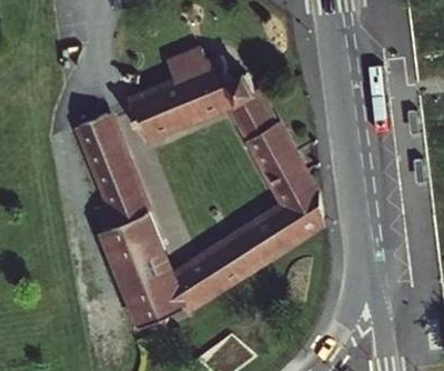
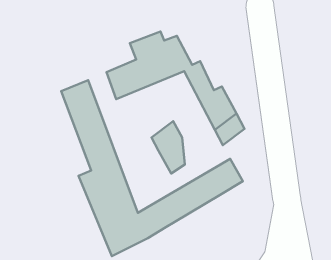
building: [276,174,317,239] -> [151,121,185,173]

